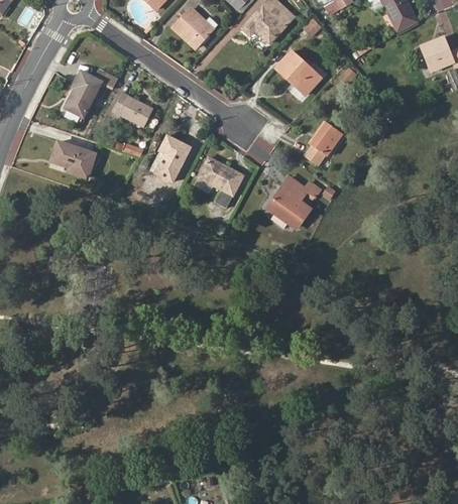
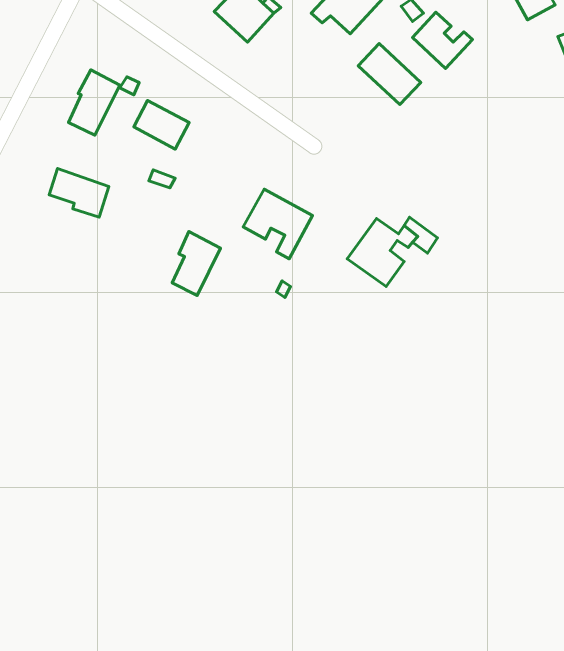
building: none -> [412,12,472,69]
building: [304,122,342,165] -> none
building: [154,135,190,181] -> [172,232,221,295]

